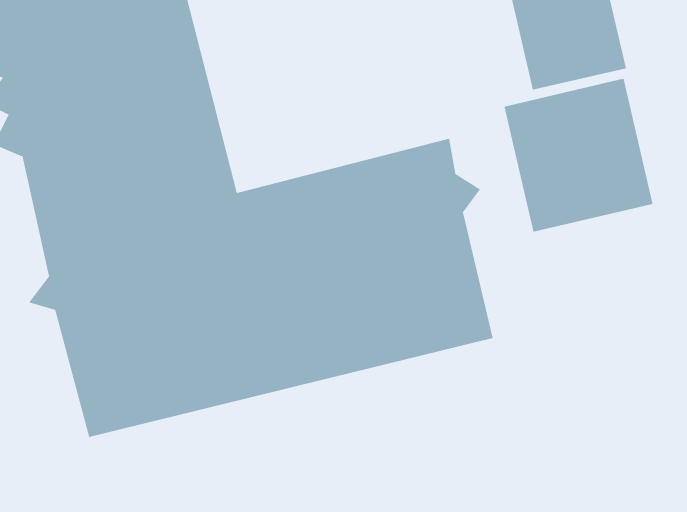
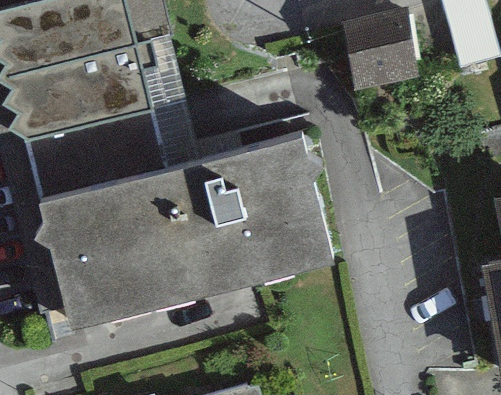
building: [504,78,653,233] -> none

